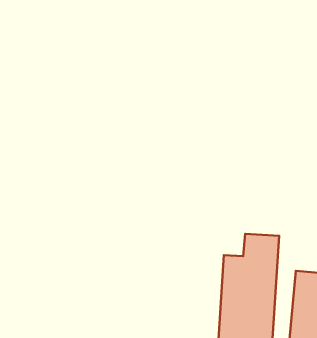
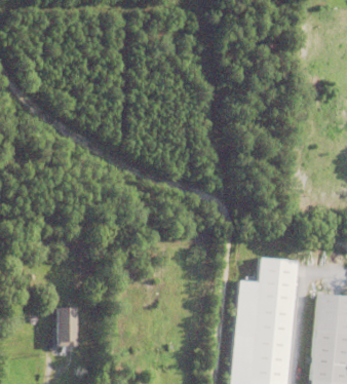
building: none -> [57,313,77,350]

